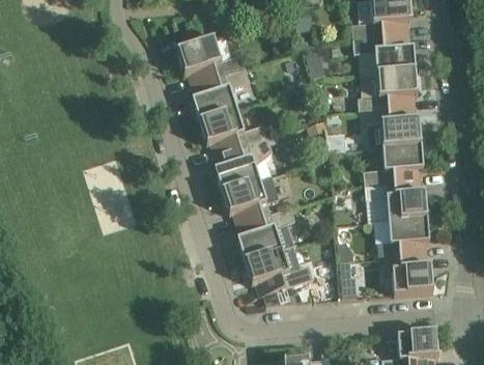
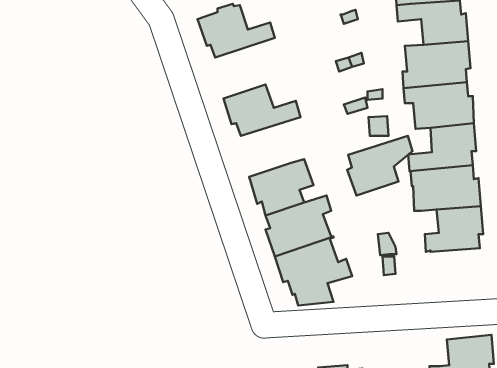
building: [193,68,251,122] -> none
building: [215,139,273,192] -> [347,136,413,196]
building: [383,255,434,296] -> none

